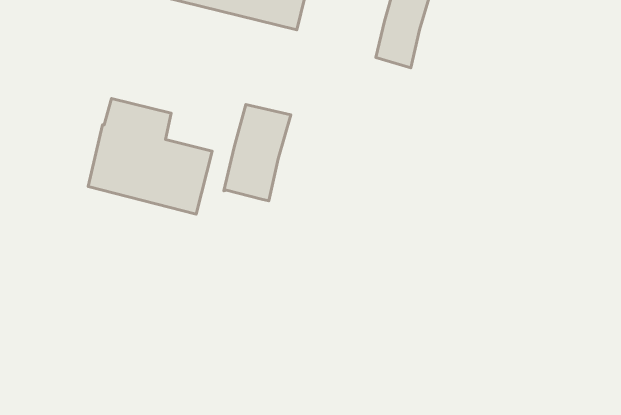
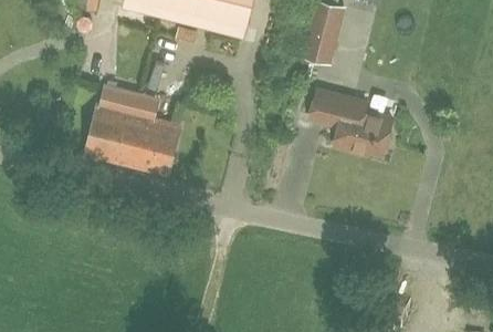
building: none -> [310,91,392,154]
building: [224,105,291,201] -> none

